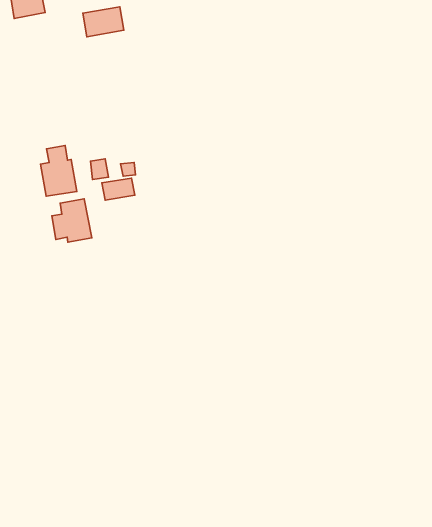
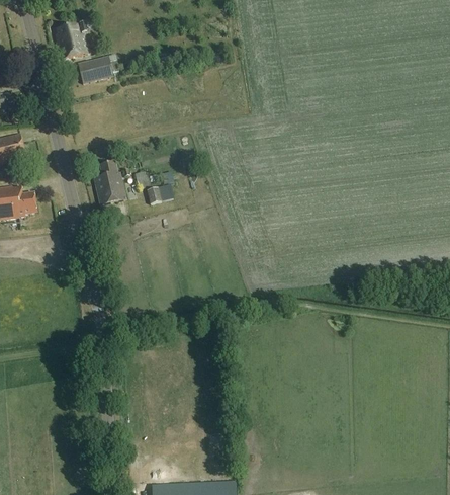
building: [83,7,124,37] -> [77,55,112,82]
building: [52,199,92,242] -> none

